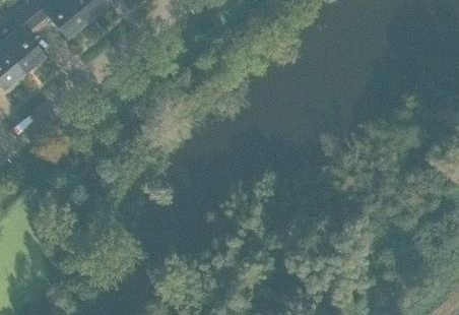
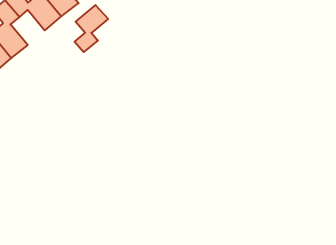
building: none -> [75,5,108,52]

